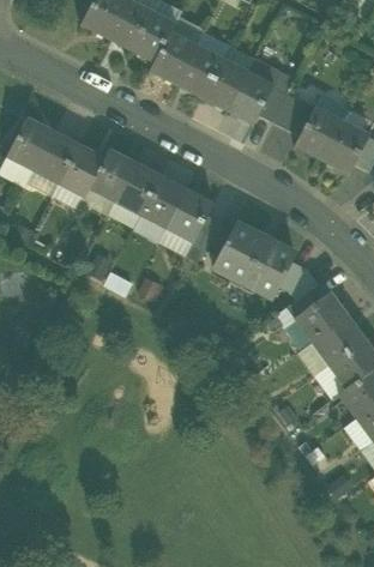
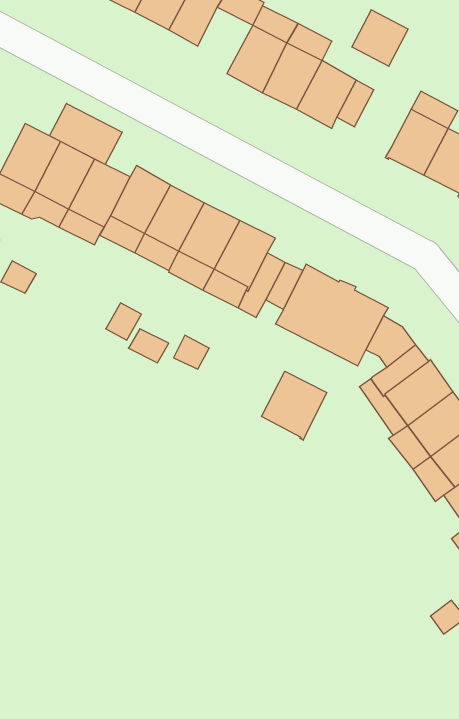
building: [151,31,195,80] -> none
building: [271,92,313,134] -> [352,10,408,66]
building: none -> [49,103,122,164]
building: none -> [262,371,327,440]

